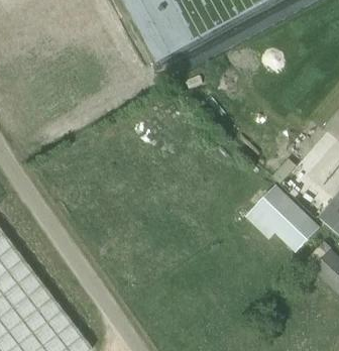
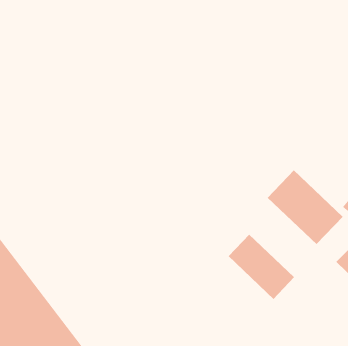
building: none -> [228,234,295,300]

